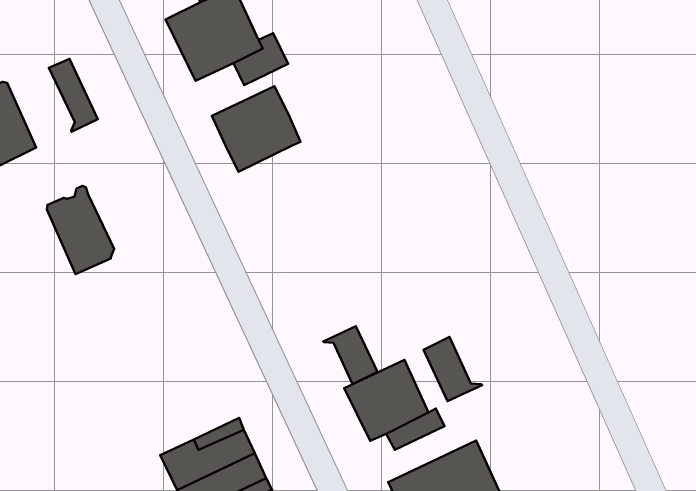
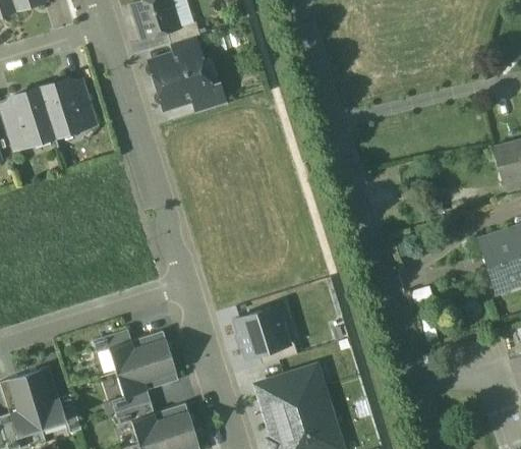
building: [212,86,300,172] -> none
building: [47,186,114,274] -> [42,78,82,135]
building: [323,326,377,384] -> none
building: [423,337,482,401] -> none

